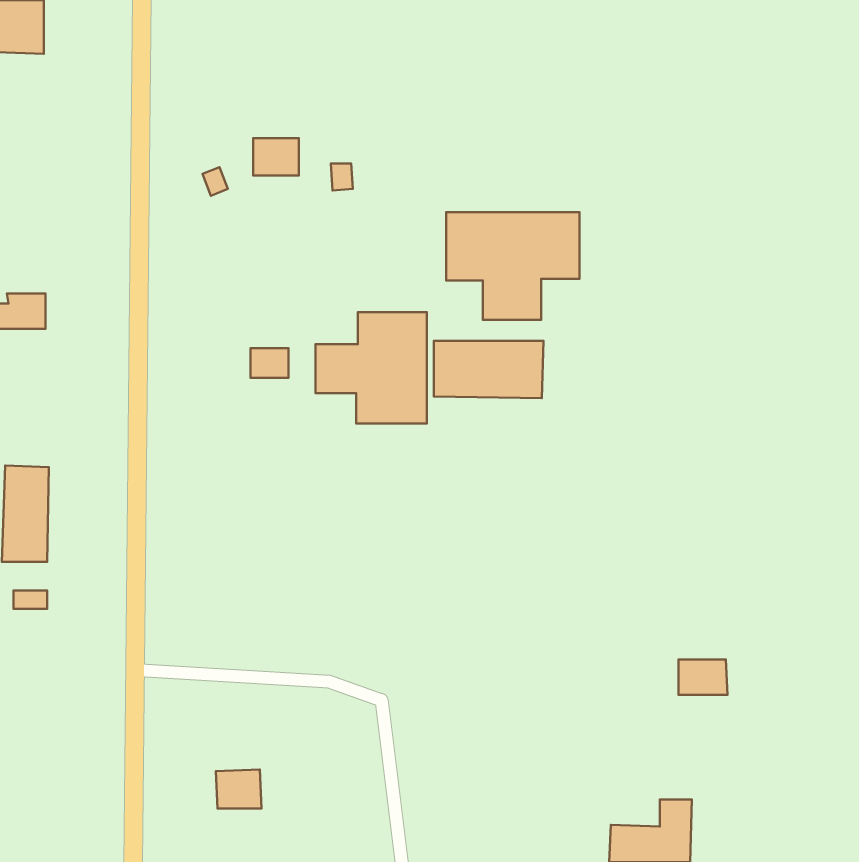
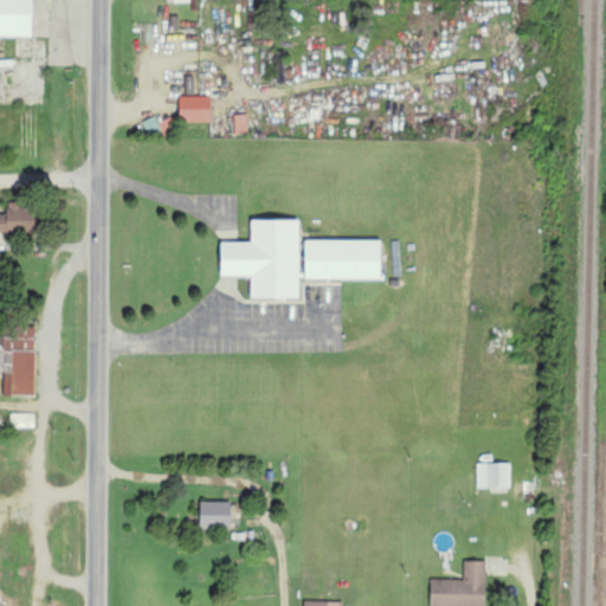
building: [446,212,580,320] -> none
building: [250,348,289,378] -> none
building: [216,770,261,808] -> [199,501,231,528]

